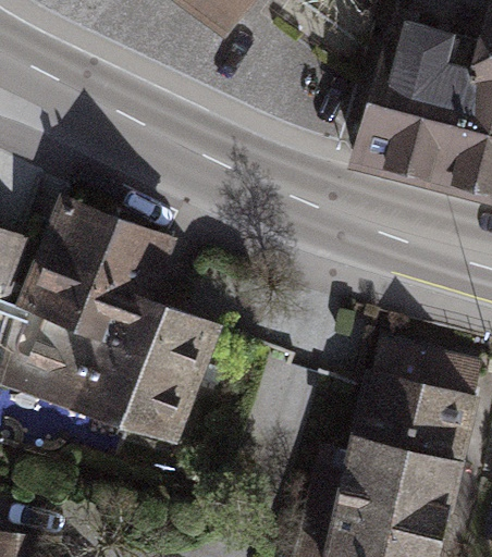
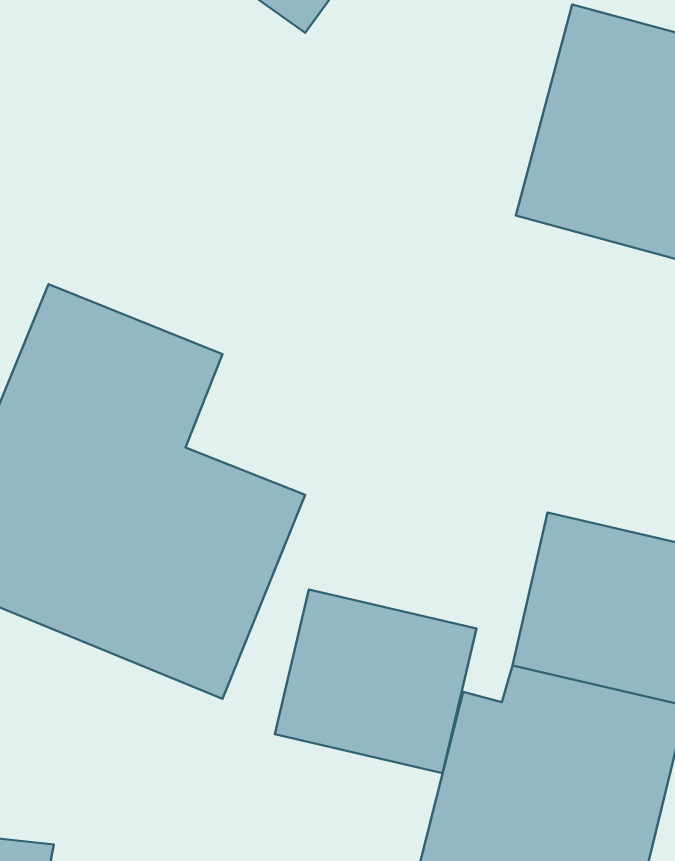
building: none -> [275,590,477,773]

